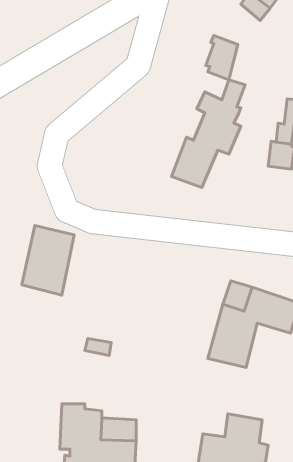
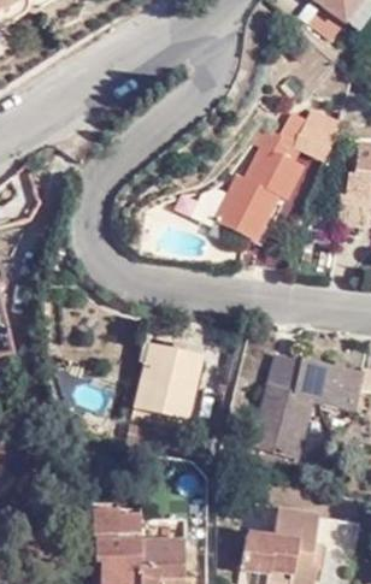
building: [206,35,238,80] -> [295,107,334,160]
building: [22,226,74,295] -> [145,348,207,431]

